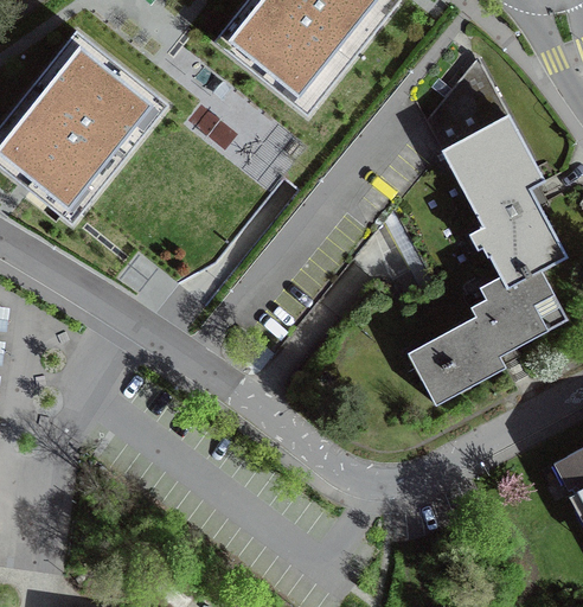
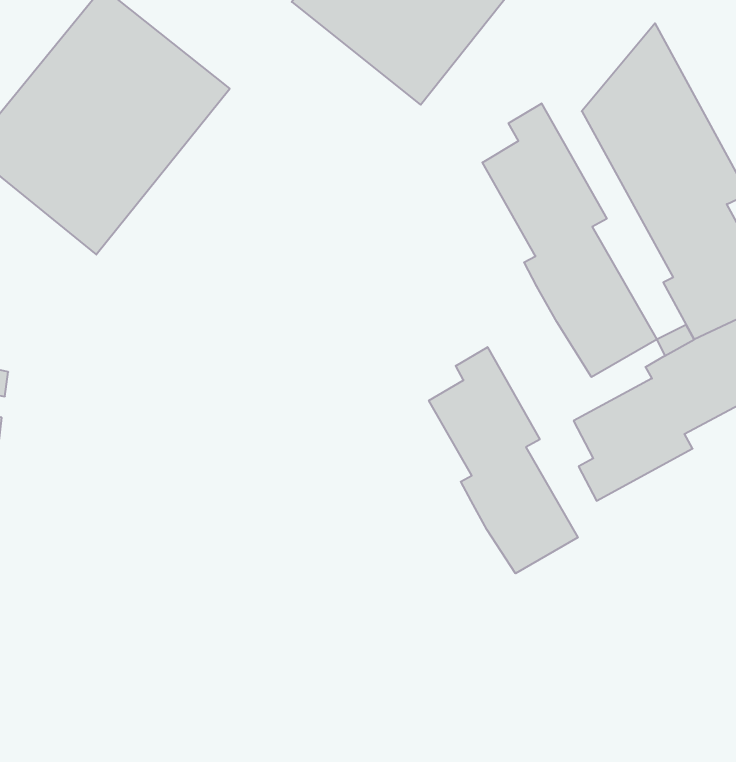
building: none -> [482,103,657,377]
building: none -> [429,347,578,573]

